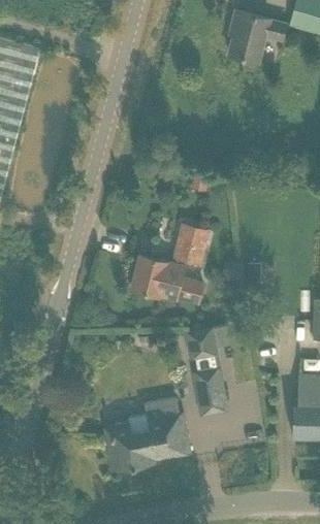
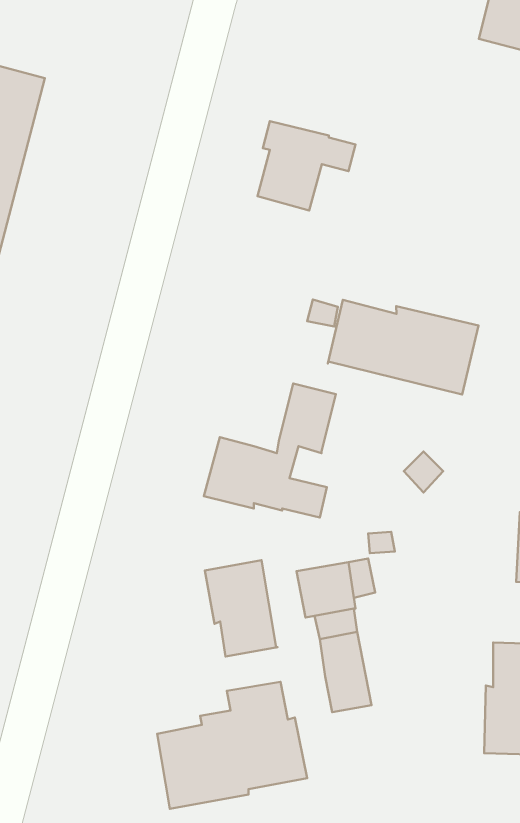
building: [228,10,285,62] -> [257,121,356,211]
building: none -> [328,300,479,395]
building: none -> [205,560,278,657]

